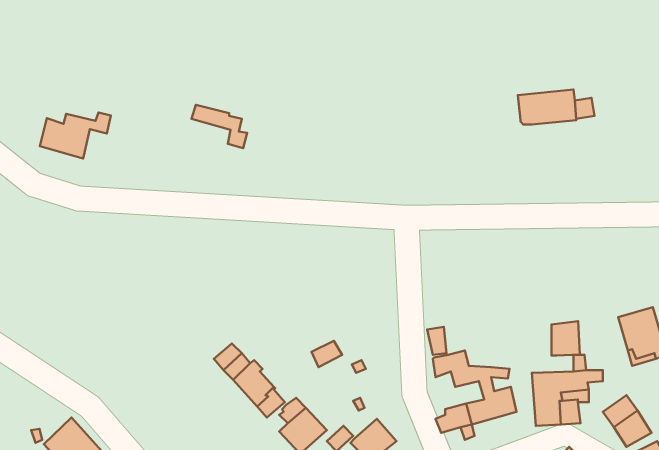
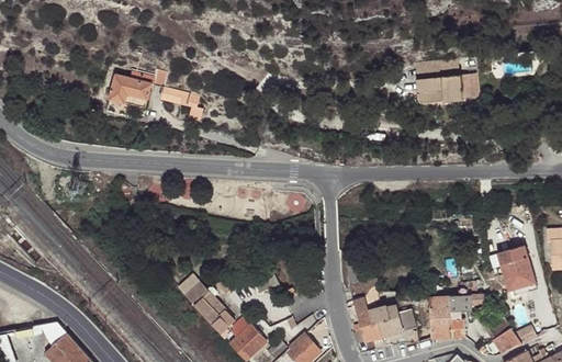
building: [40,113,111,159] -> [111,70,167,106]
building: [552,321,580,356] -> none
building: none -> [351,296,391,331]

